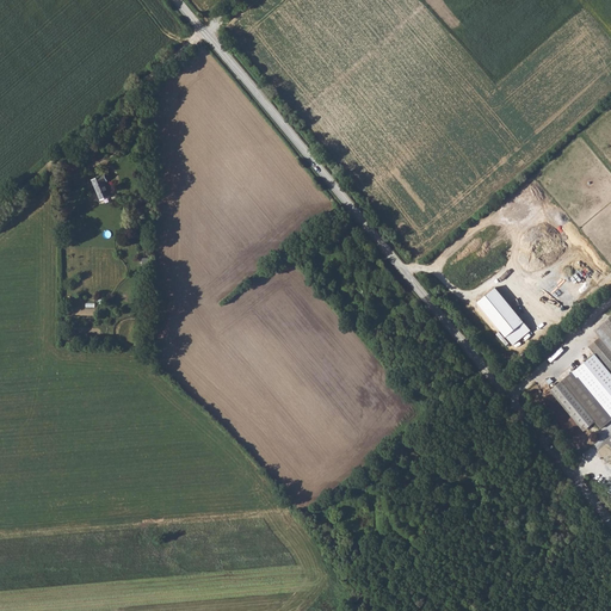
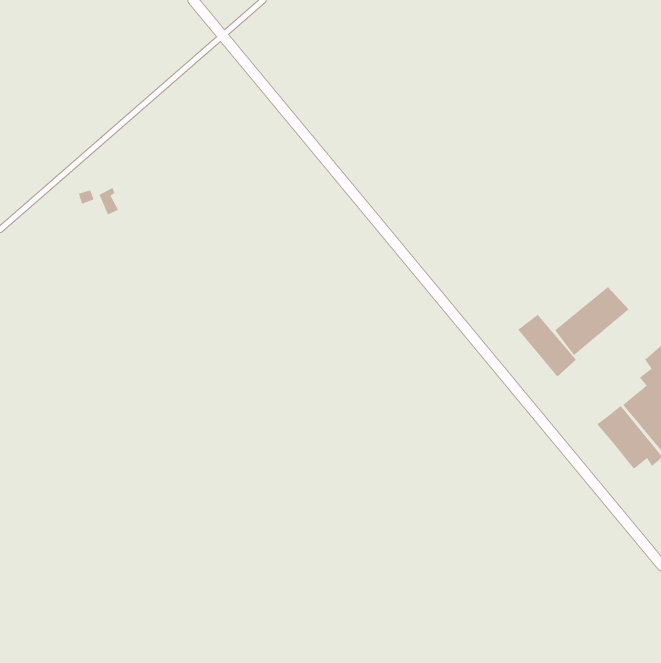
building: none -> [554,286,630,356]

